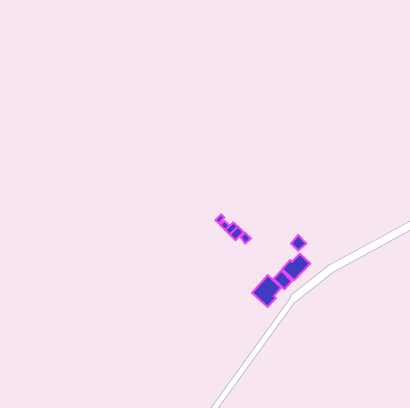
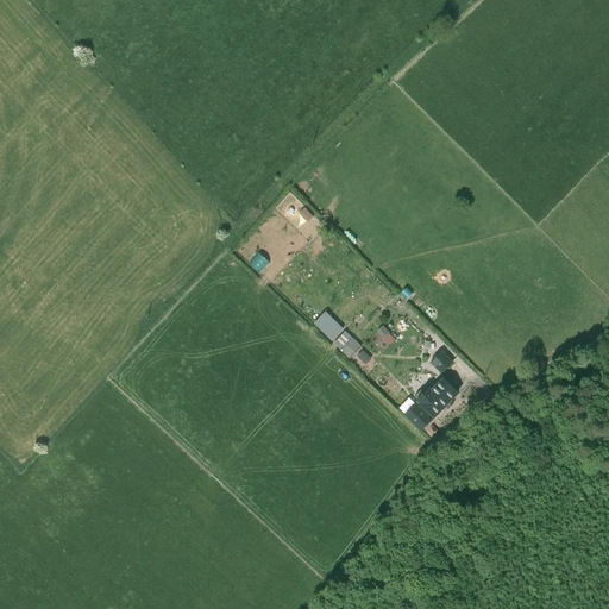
building: [252,275,281,307] -> none

